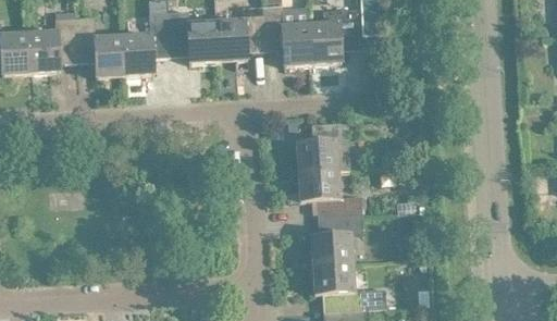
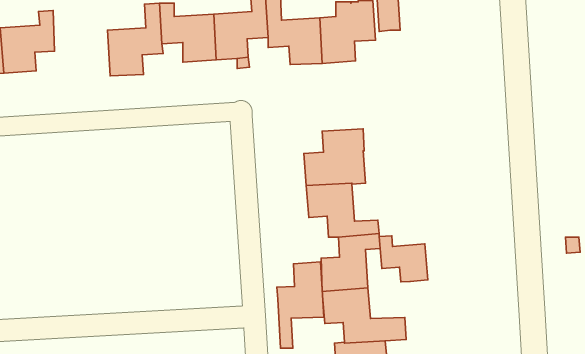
building: [75,15,125,76] -> none
building: none -> [379,236,428,282]
building: none -> [277,262,324,348]

